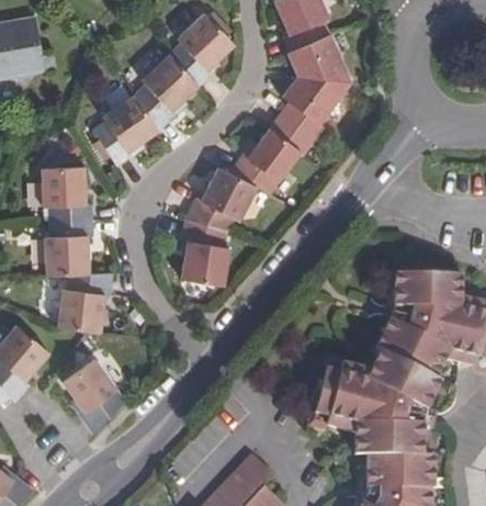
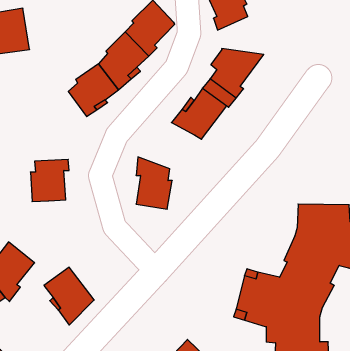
building: [286,32,349,81] -> none
building: [184,165,259,230] -> none
building: [39,166,93,221] -> none
building: [57,270,113,331] -> none

